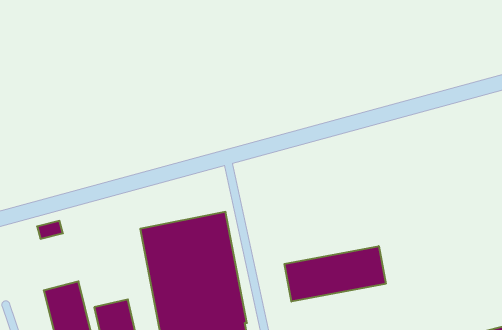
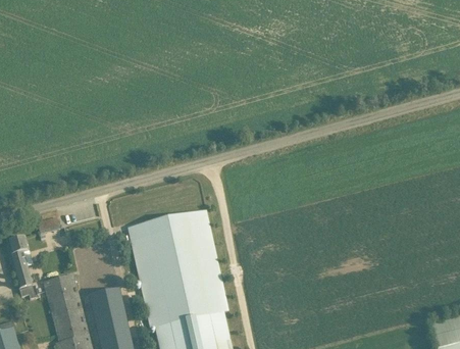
building: none -> [8,238,35,298]
building: [284,246,386,302] -> none

